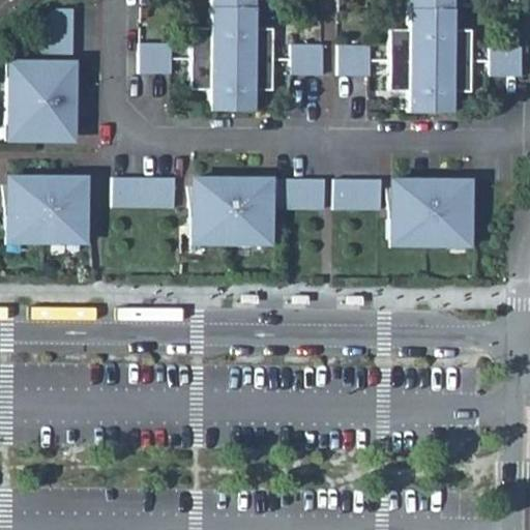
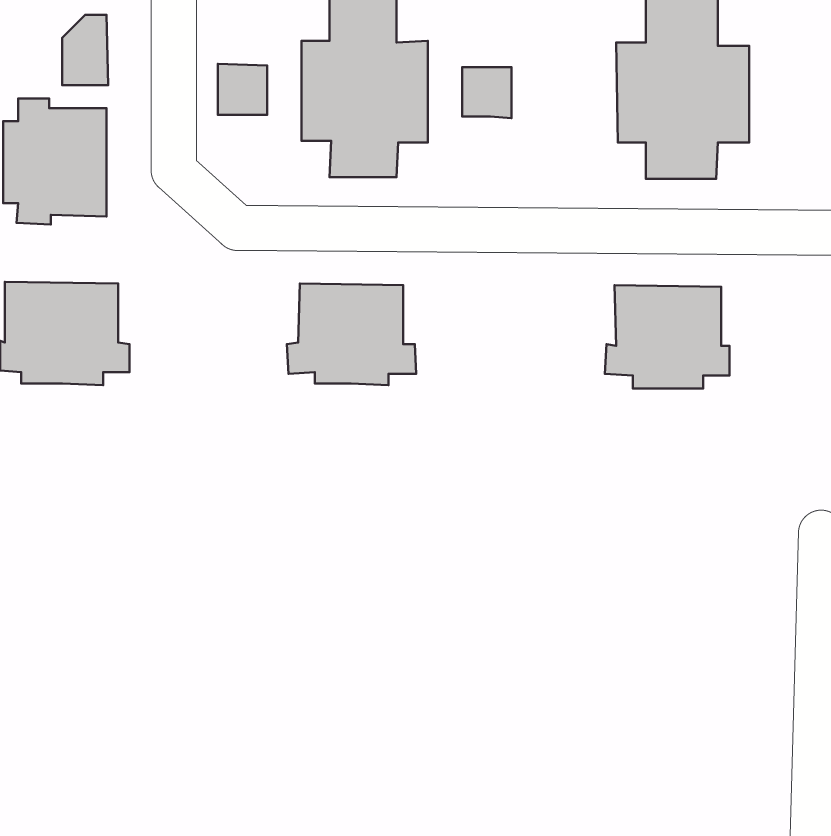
building: [342,42,374,75] -> none
building: [496,43,525,75] -> none
building: [114,178,176,206] -> none
building: [275,180,320,206] -> none
building: [331,180,377,206] -> none

